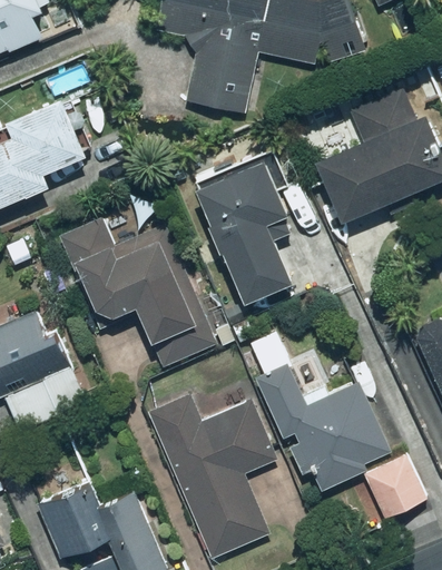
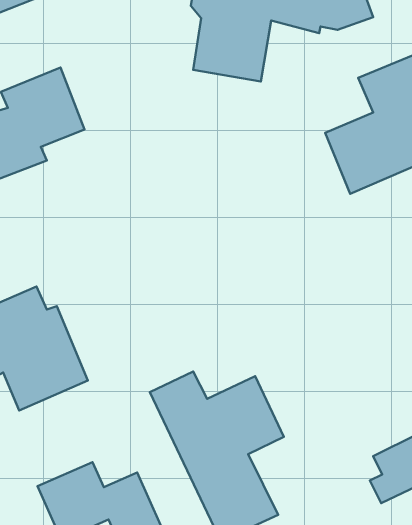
building: [191,159,289,303] -> none
building: [70,216,194,344] -> none
building: [251,332,389,490] -> none

